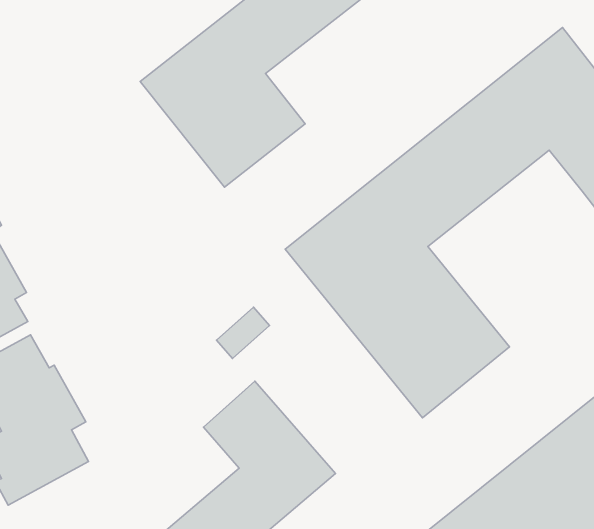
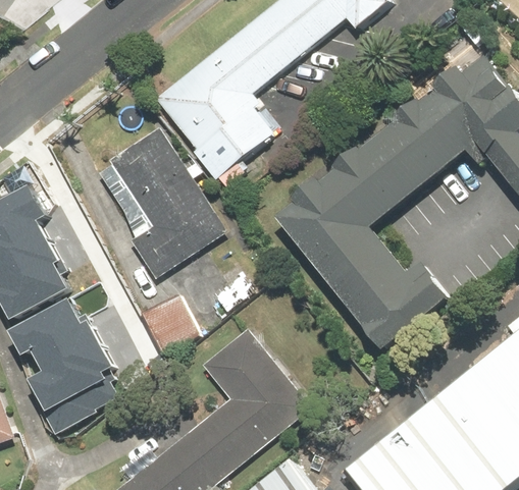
building: none -> [92,123,226,276]

